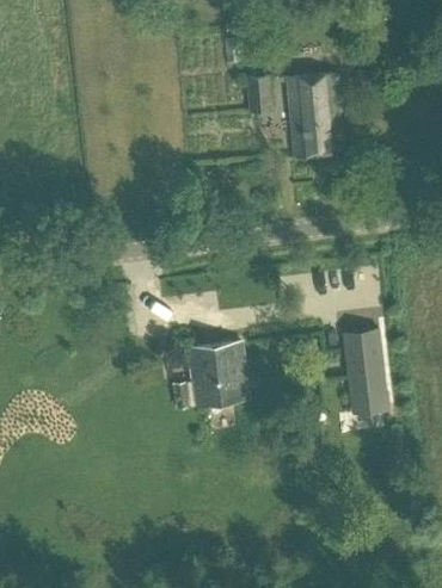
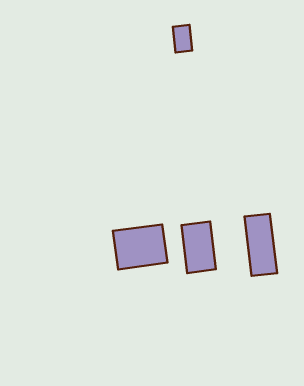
building: [288,75,345,156] -> none
building: none -> [181,222,216,273]

